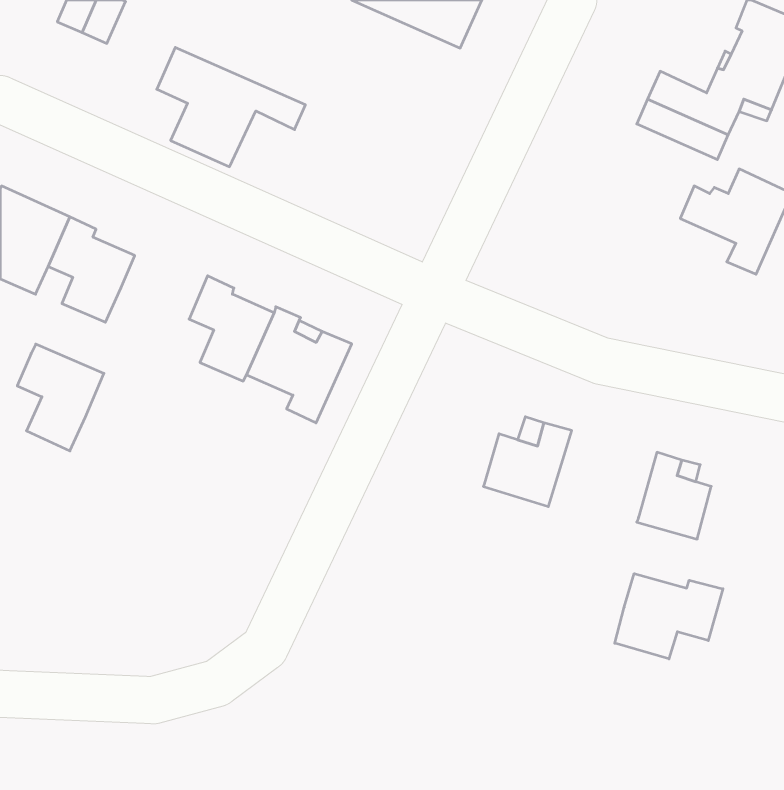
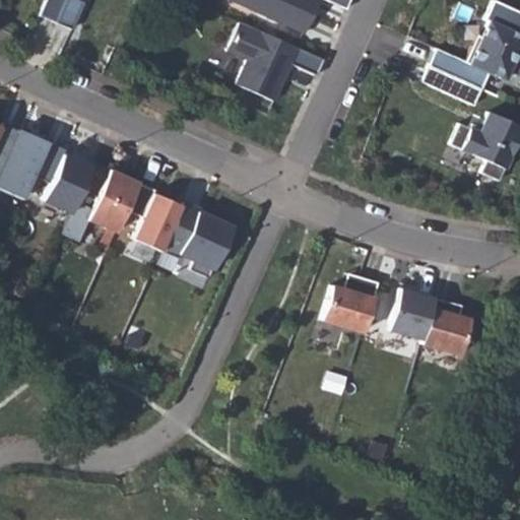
building: [157,47,305,167] -> [229,22,326,101]
building: [17,344,104,451] -> [84,162,141,233]
building: none -> [390,288,436,340]
building: [615,574,723,659] -> none

